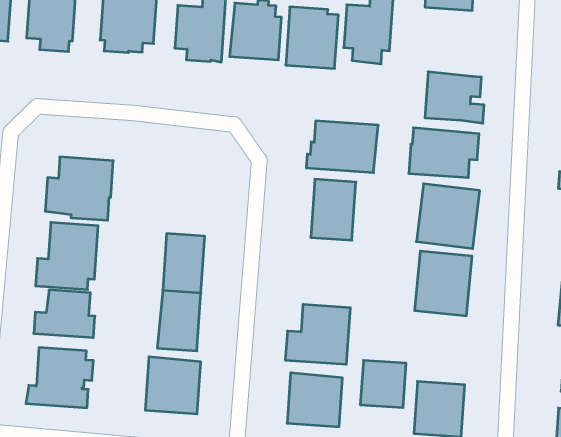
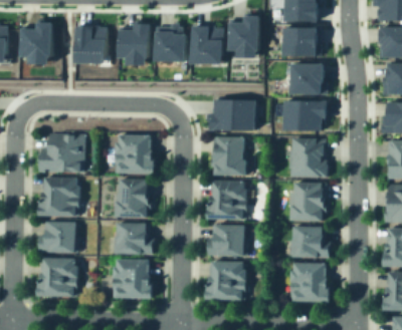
building: none -> [277,27,319,55]
building: none -> [118,134,152,173]
building: none -> [215,183,248,220]
building: [360,360,406,408] -> [295,226,324,255]

